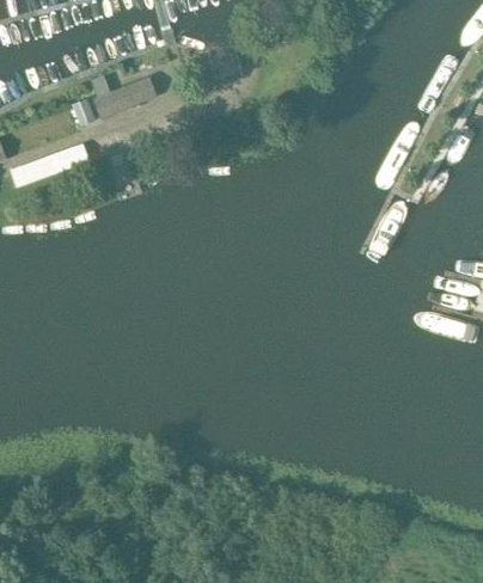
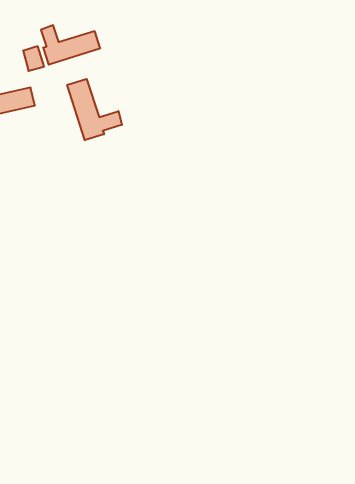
building: none -> [67,79,122,140]

